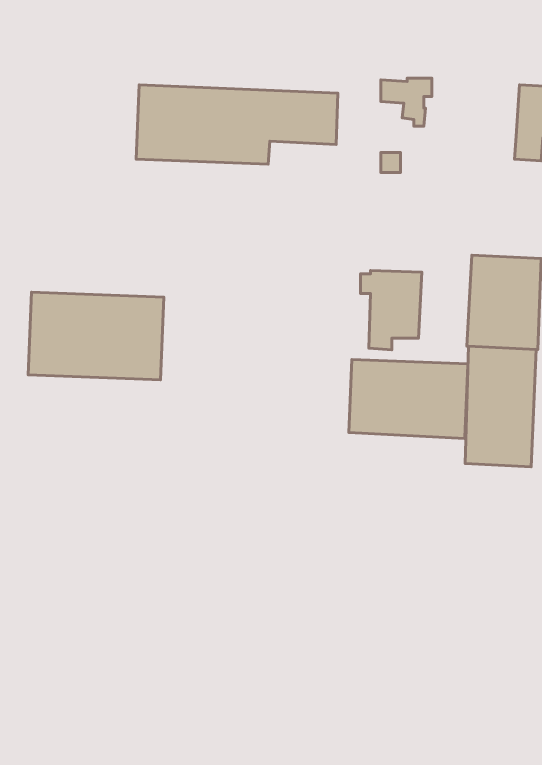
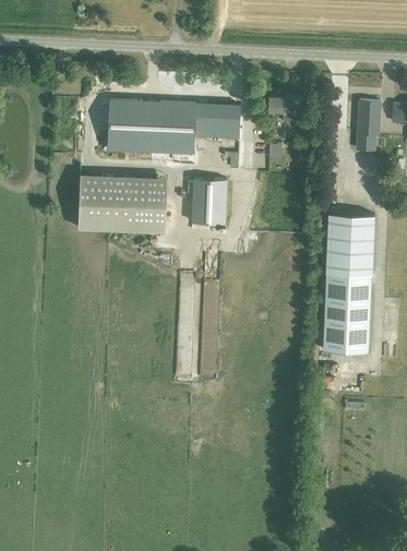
building: [361,270,422,350] -> [187,179,227,231]
building: [28,292,164,380] -> [79,175,168,232]
building: [349,359,468,439] -> none

